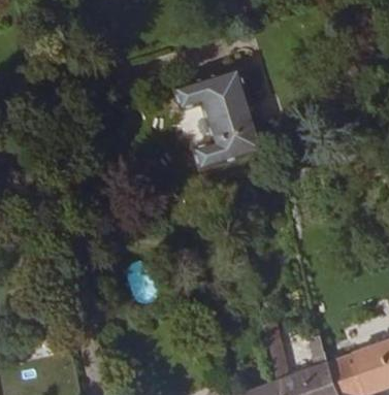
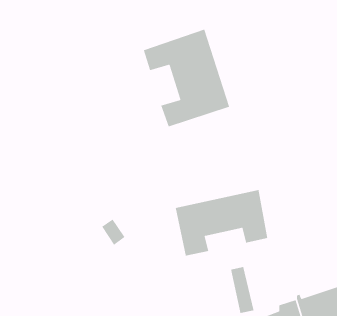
building: none -> [175,189,268,256]

